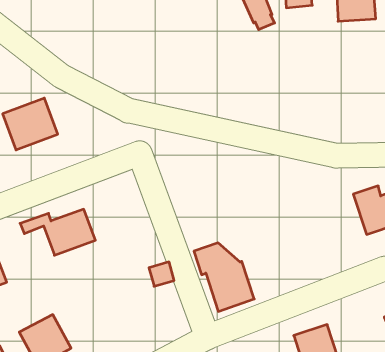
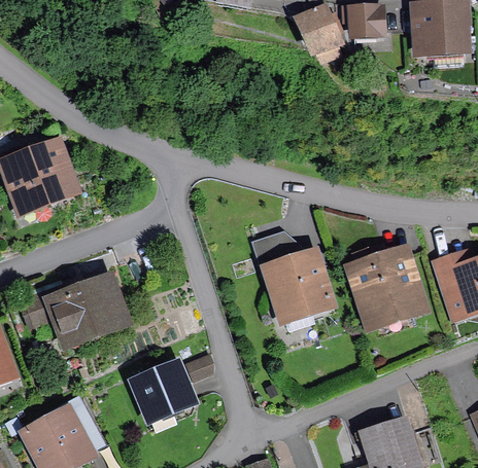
building: none -> [356,257,418,321]
building: [194,243,254,311] -> [254,233,329,318]
building: none -> [134,365,192,420]

